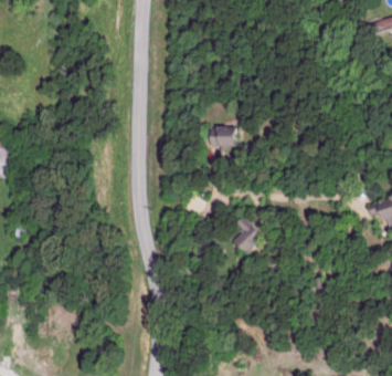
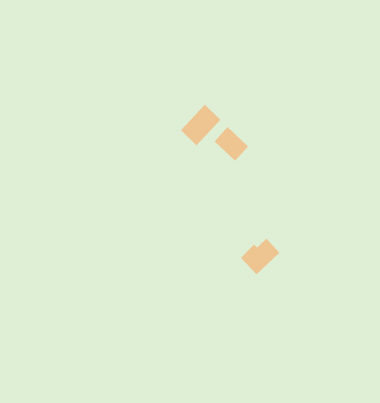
building: none -> [180,104,221,146]

